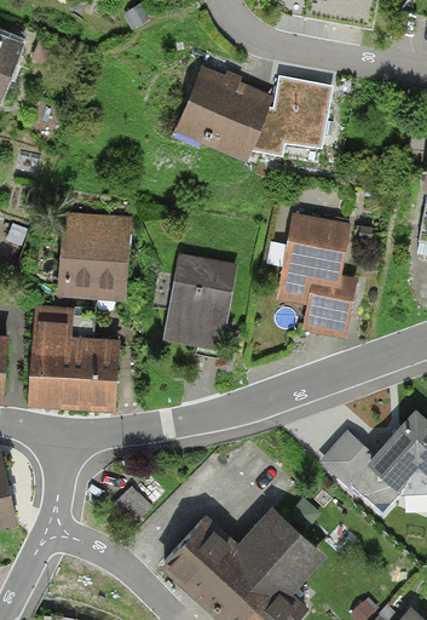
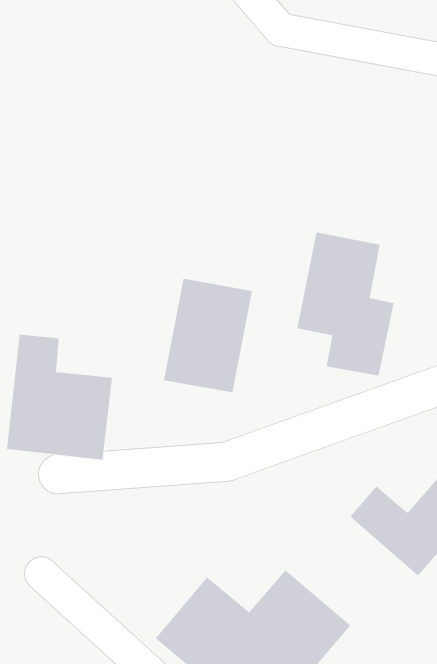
building: [172,64,273,161] -> none
building: [283,94,324,139] -> none
building: [53,209,132,303] -> none

